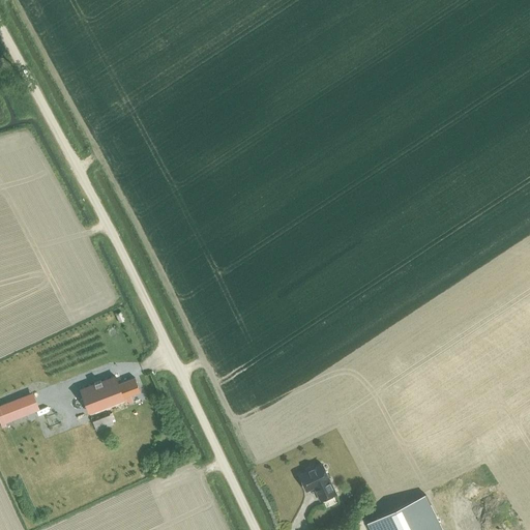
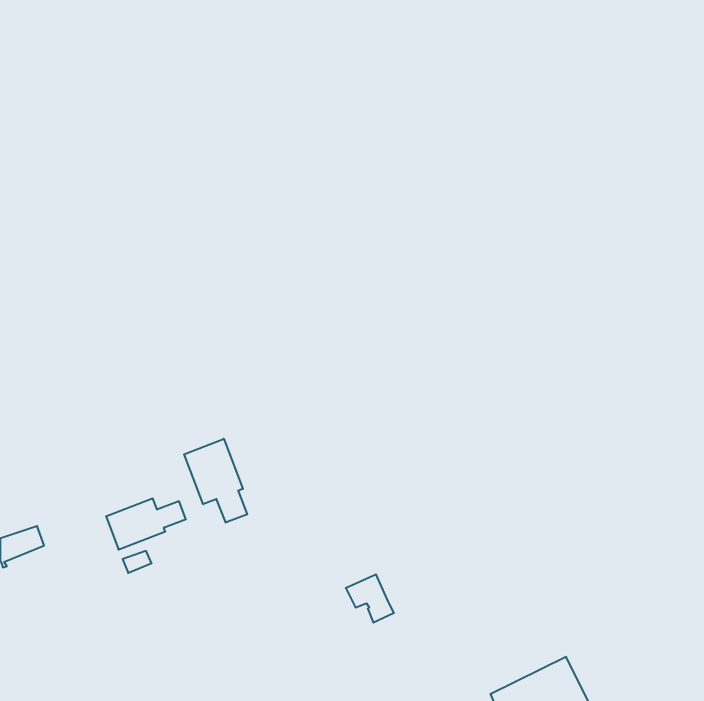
building: none -> [184,439,247,523]
building: [299,466,335,502] -> [346,574,394,623]

